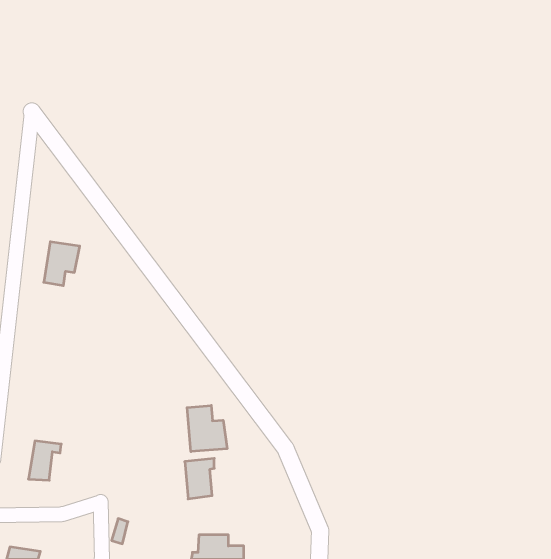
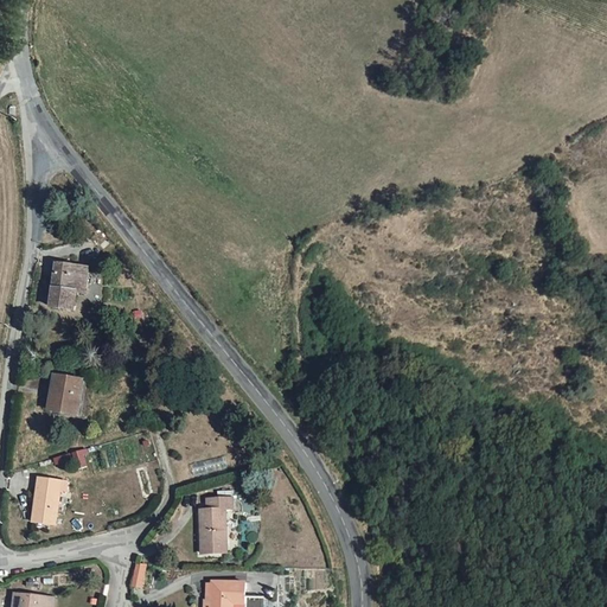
building: none -> [44,372,79,415]
building: [187,405,227,452] -> none

